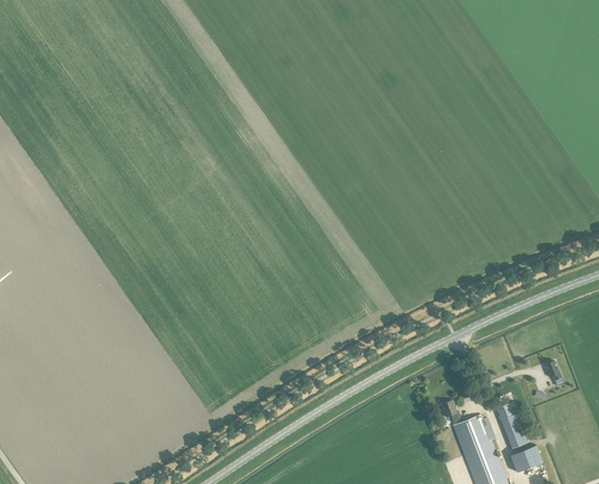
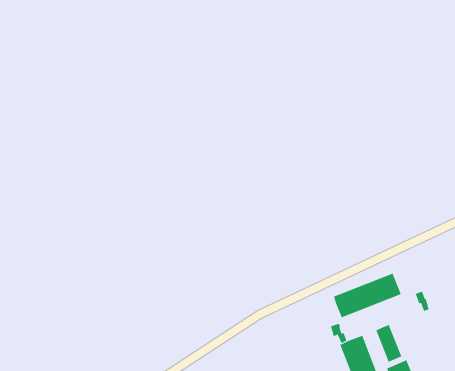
building: none -> [333,273,402,318]

